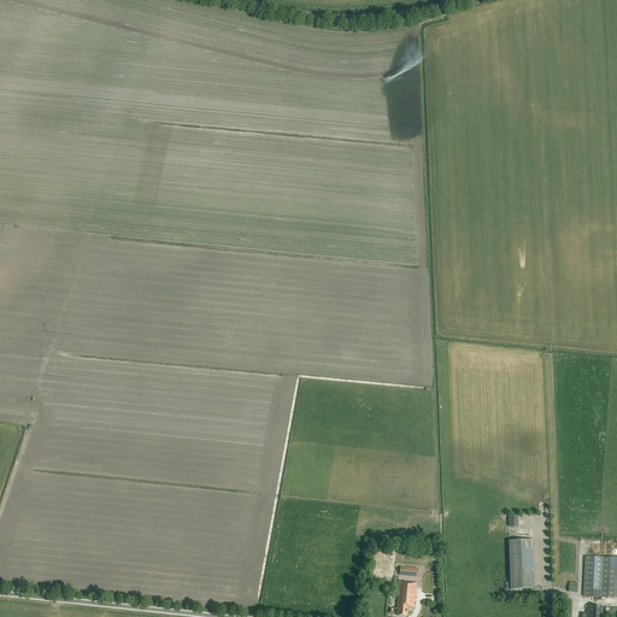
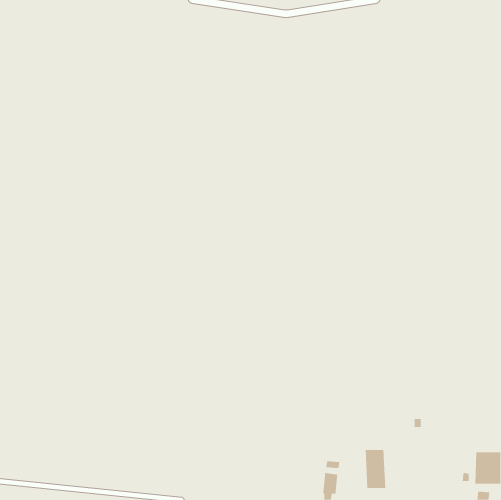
building: [509,540,535,588] -> [365,449,386,489]

